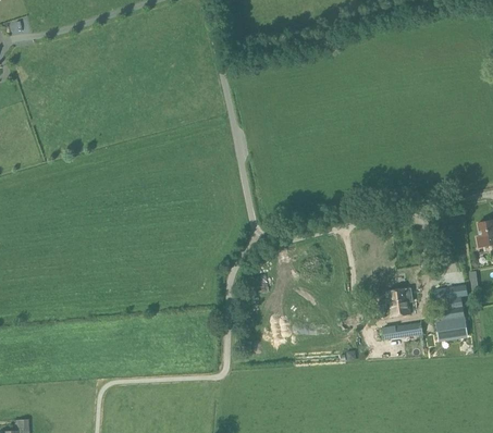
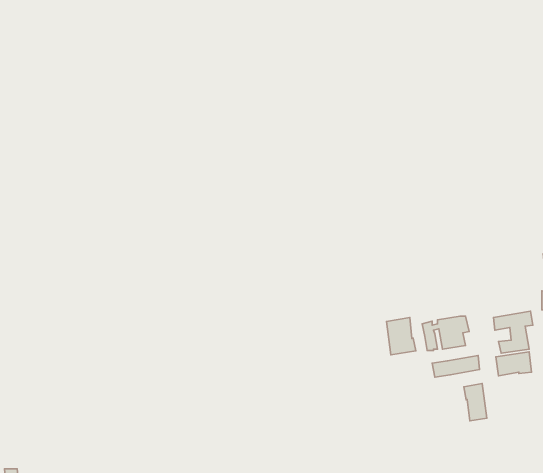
building: none -> [386,318,416,355]
building: none -> [464,384,487,421]

